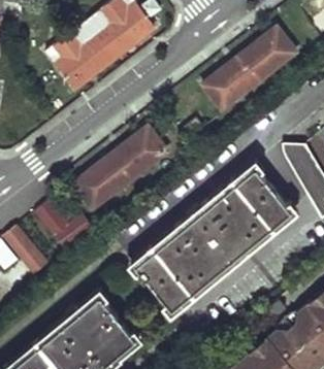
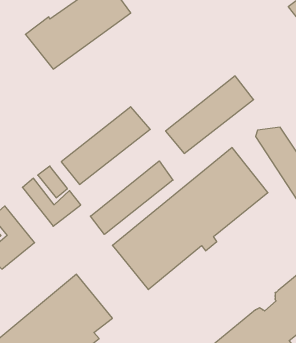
building: [206,29,295,107] -> [166,76,254,153]
building: none -> [90,161,173,234]

